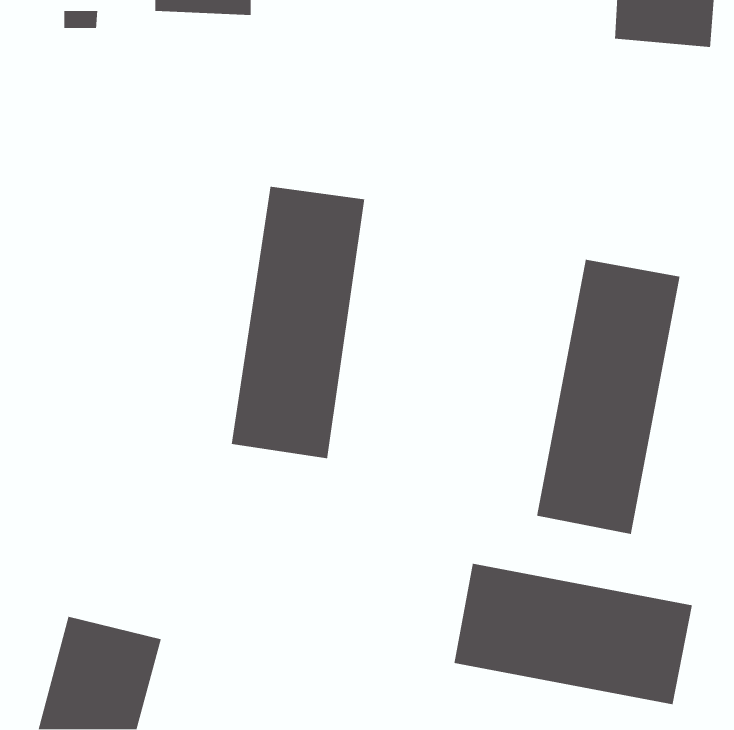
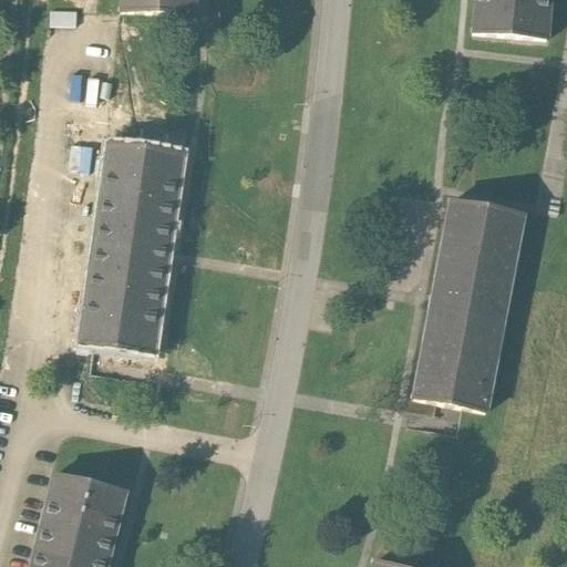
building: [231,186,365,459] -> [81,142,184,351]
building: [454,563,693,705] -> none

